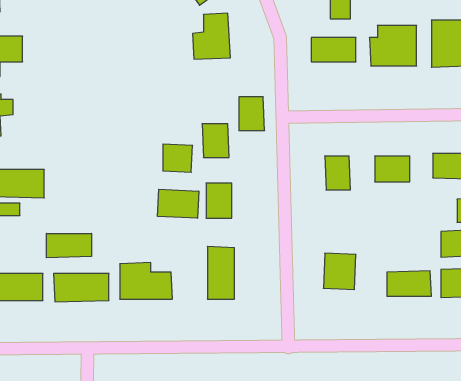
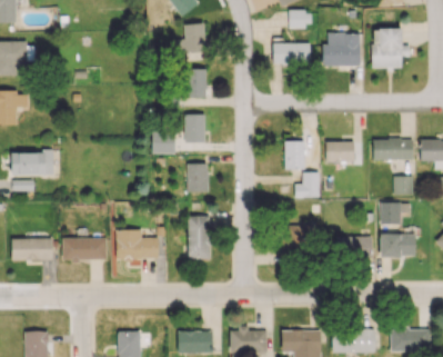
building: [239,97,265,131] -> [187,69,208,97]
building: [158,189,199,218] -> none
building: none -> [295,172,320,198]
building: [46,233,91,258] -> none

